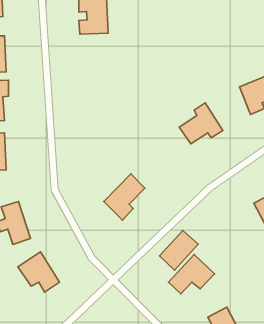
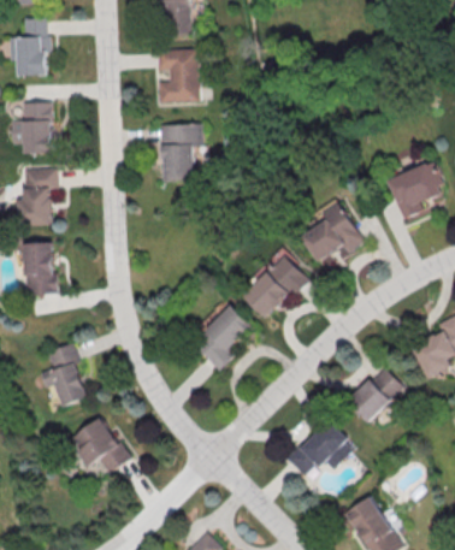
building: none -> [159,124,202,182]
building: none -> [246,254,311,315]
building: [160,231,198,270] -> [347,365,402,421]

